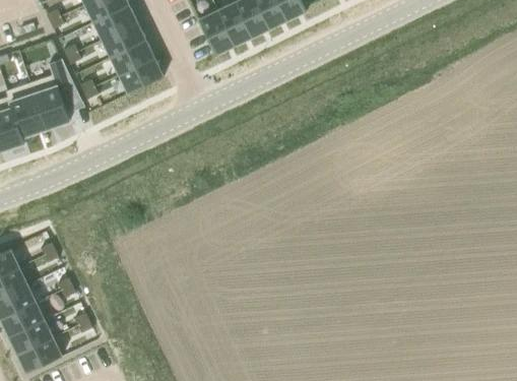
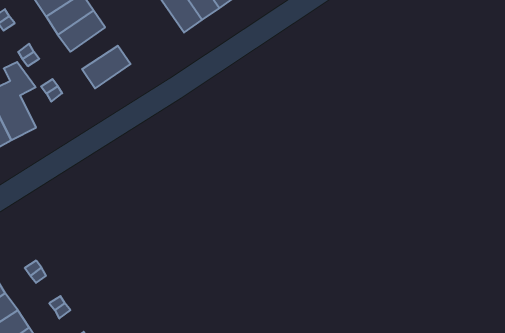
building: [111,40,154,74] -> none

